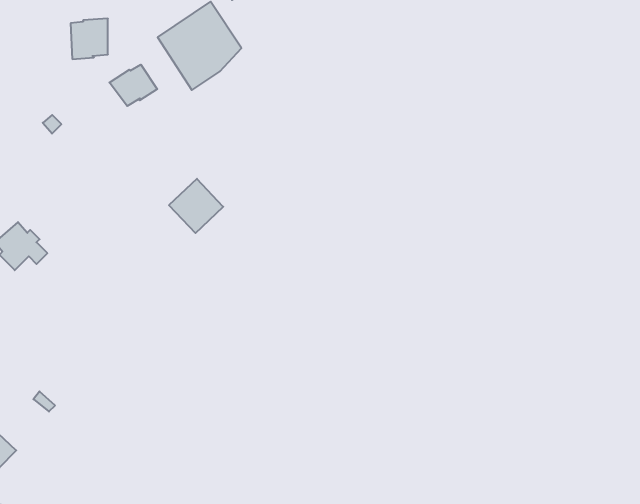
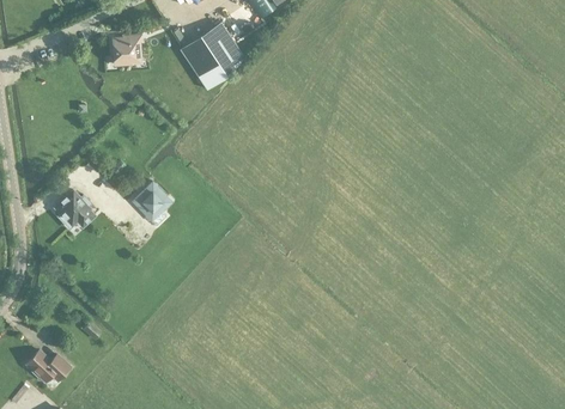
building: [109,65,157,106] -> none
building: [169,179,223,233] -> [130,181,172,222]

